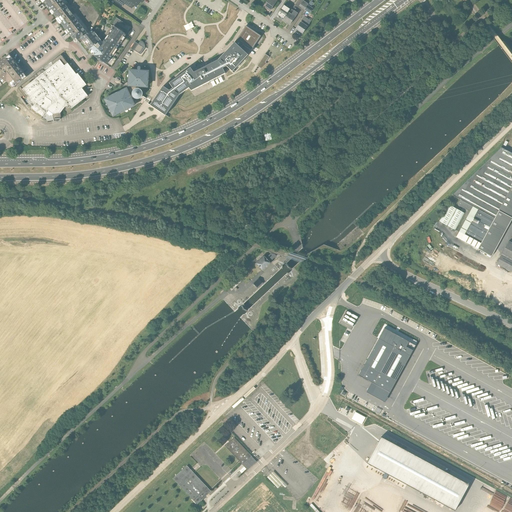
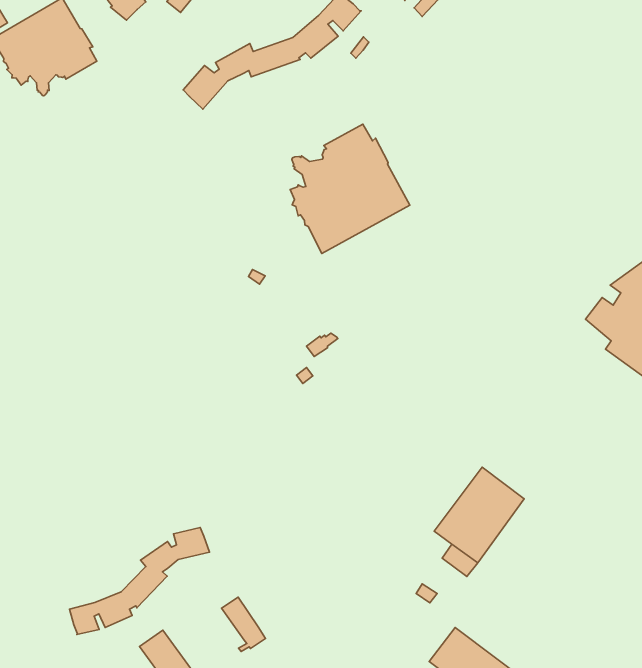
building: [106,65,150,116] -> none
building: none -> [290,124,410,253]
building: none -> [69,528,209,635]

